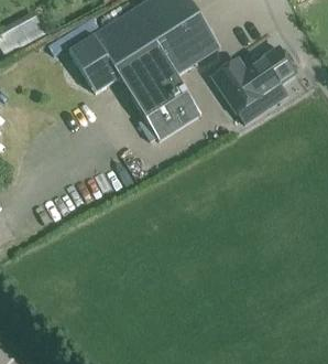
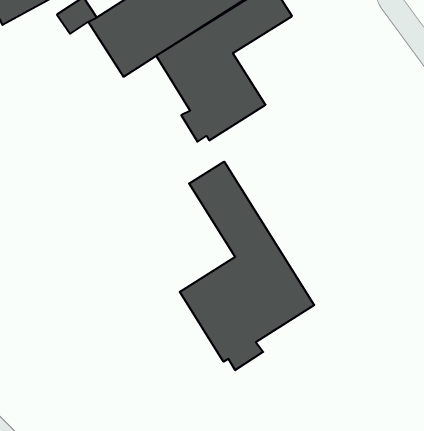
building: [210,46,296,114] -> none
building: none -> [180,162,314,370]

